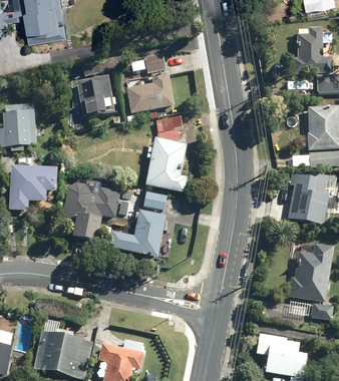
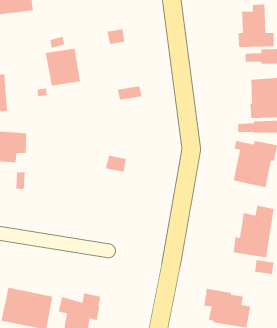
building: [131,70,179,111] -> none
building: [150,135,192,189] -> none
building: [65,184,125,240] -> none
building: [113,208,171,255] -> none

